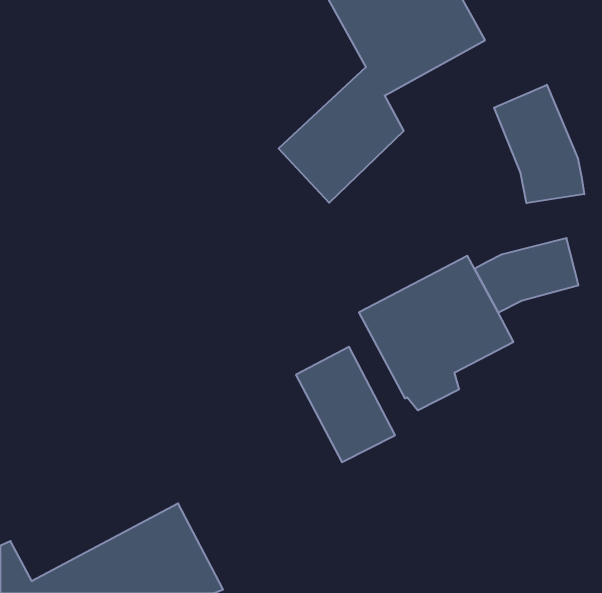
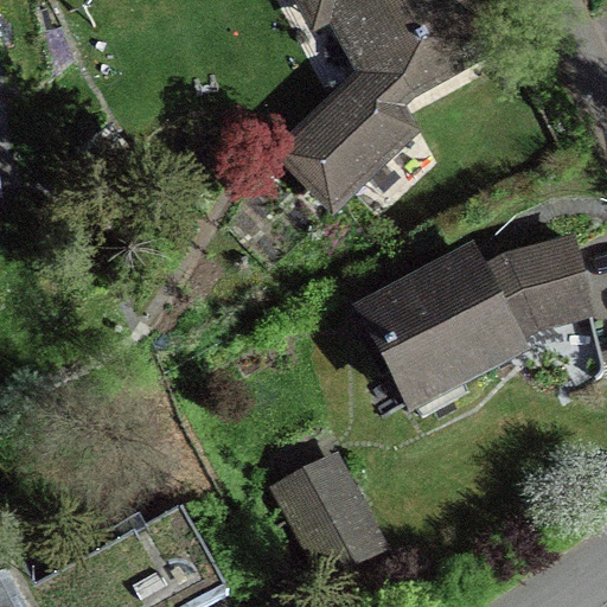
building: [494,85,584,203] -> none
building: [296,347,395,462] -> [277,456,377,573]

